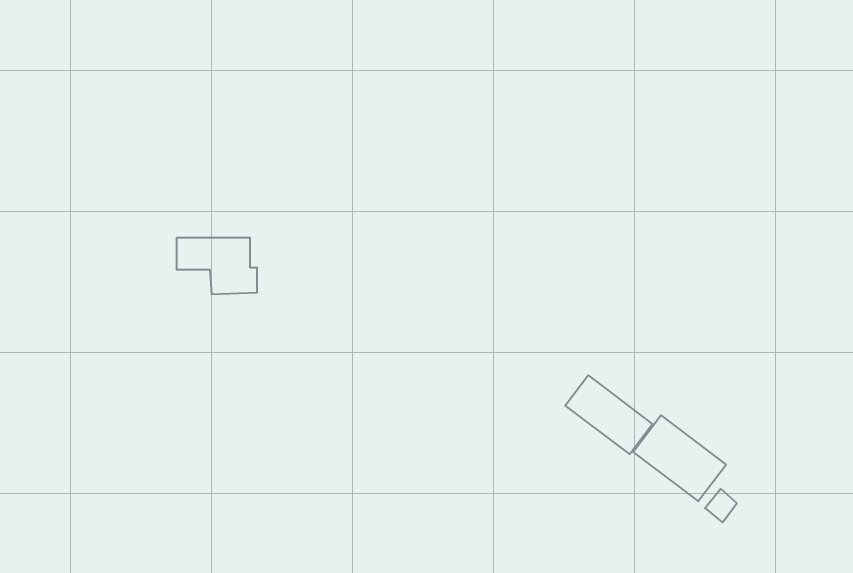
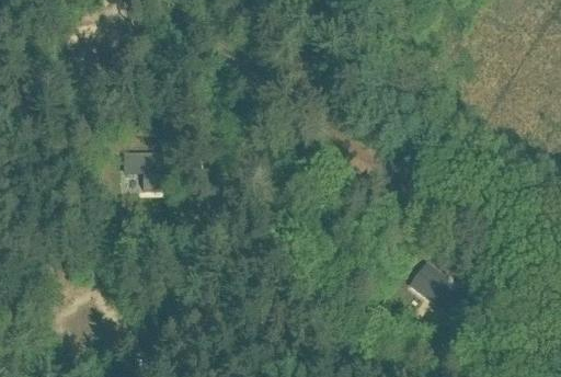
building: [565,375,653,454] -> none

